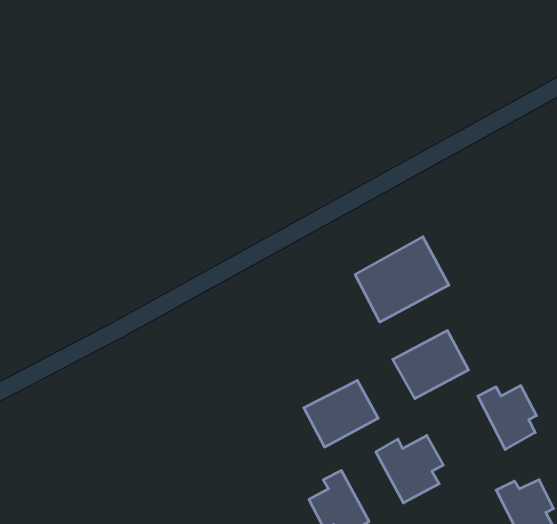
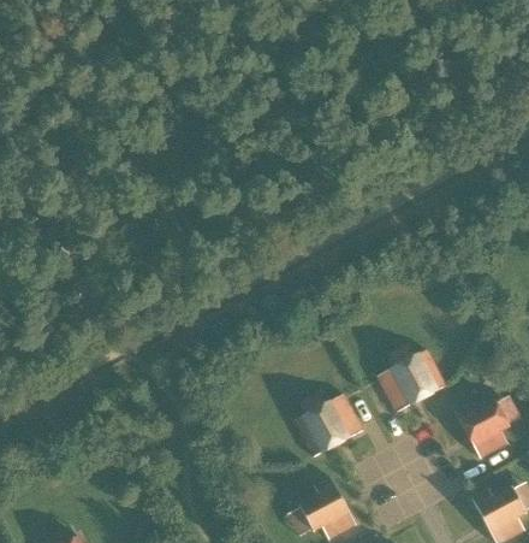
building: [355,237,449,322] -> none
building: [376,435,443,503] -> none

